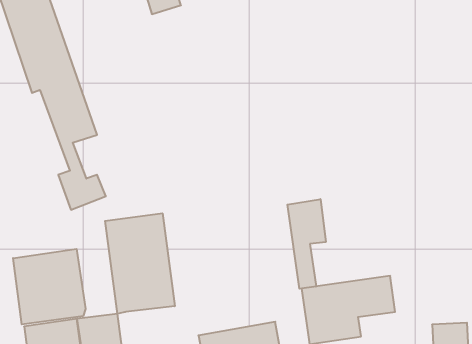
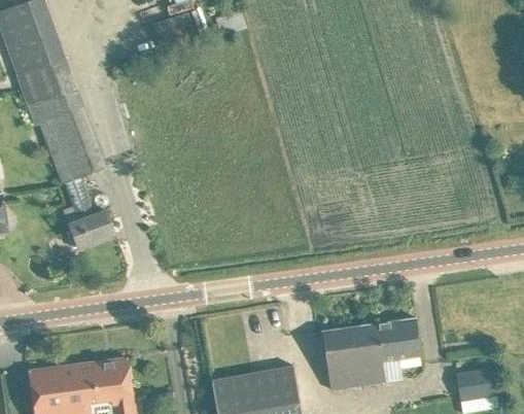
building: [287,199,326,289] -> none
building: [105,213,175,314] -> none
building: [13,249,86,324] -> none

